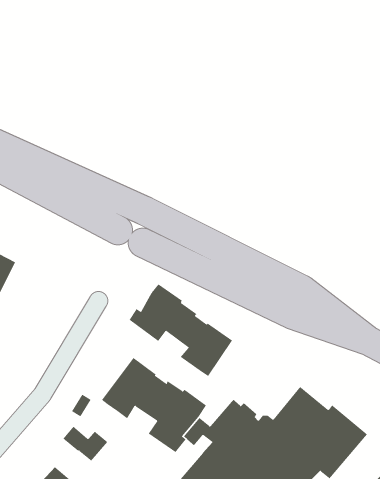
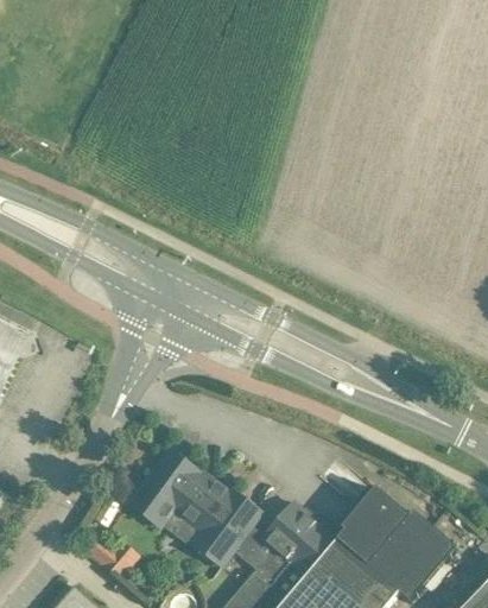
building: [129,284,233,377] -> none

